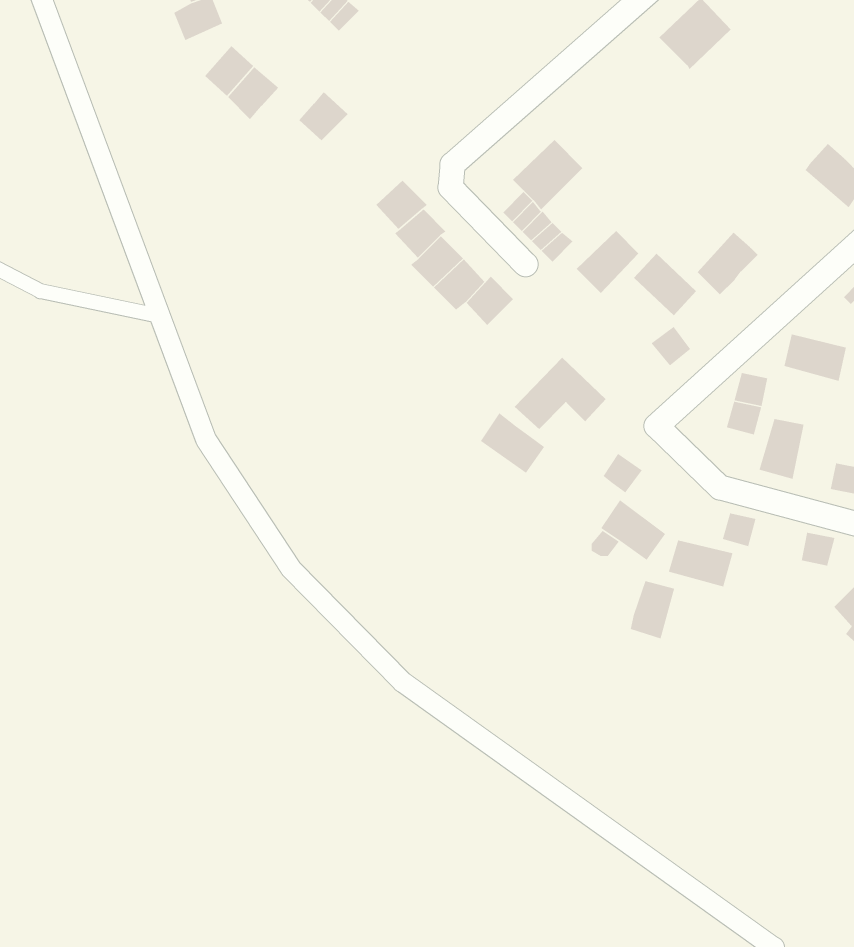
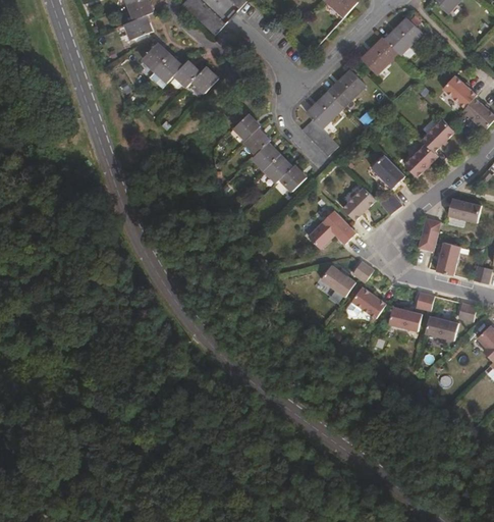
building: none -> [361,38,398,75]
building: none -> [173,60,201,89]
building: none -> [328,71,365,108]
building: none -> [439,72,475,106]
building: none -> [420,117,452,150]
building: [576,230,639,294] -> [341,185,375,218]
building: [480,412,545,474] -> [321,262,355,295]
building: none -> [426,314,459,338]
building: [630,580,675,639] -> none

